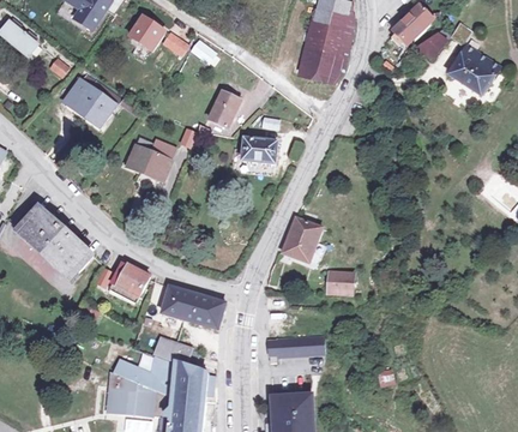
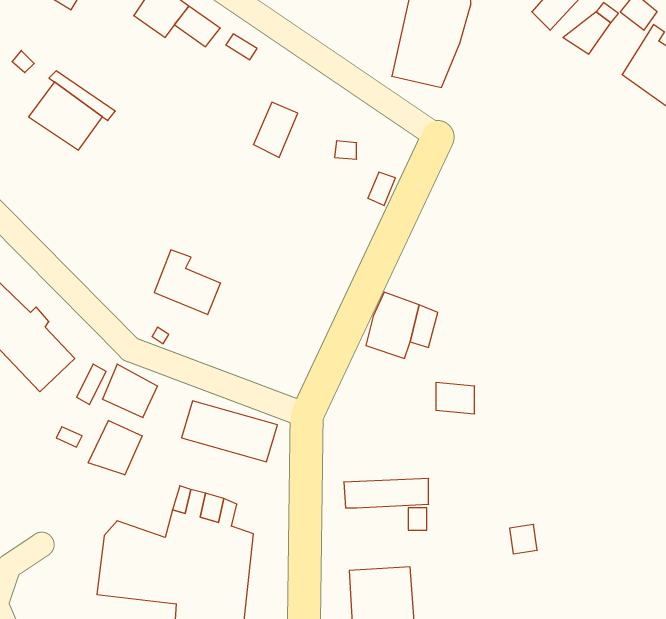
building: [128,137,171,179] -> [154,250,221,315]
building: [241,137,273,163] -> none
building: none -> [88,420,142,475]

